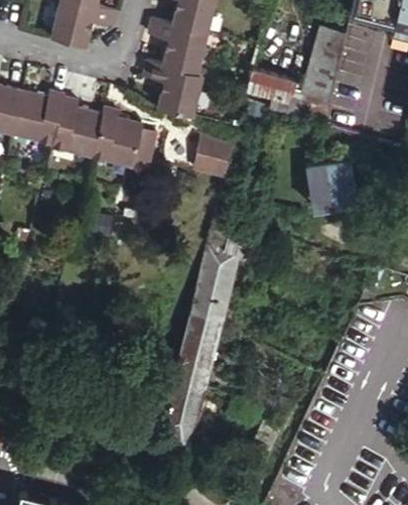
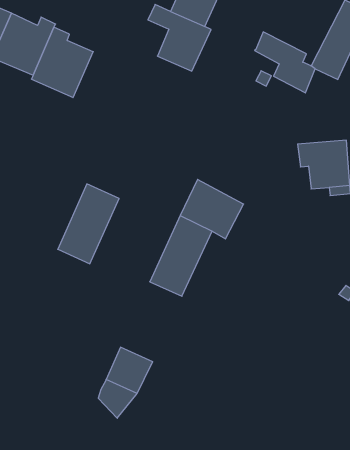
building: [92,107,143,167] -> none
building: [189,131,230,175] -> none
building: [173,311,221,383] -> [58,184,119,264]

